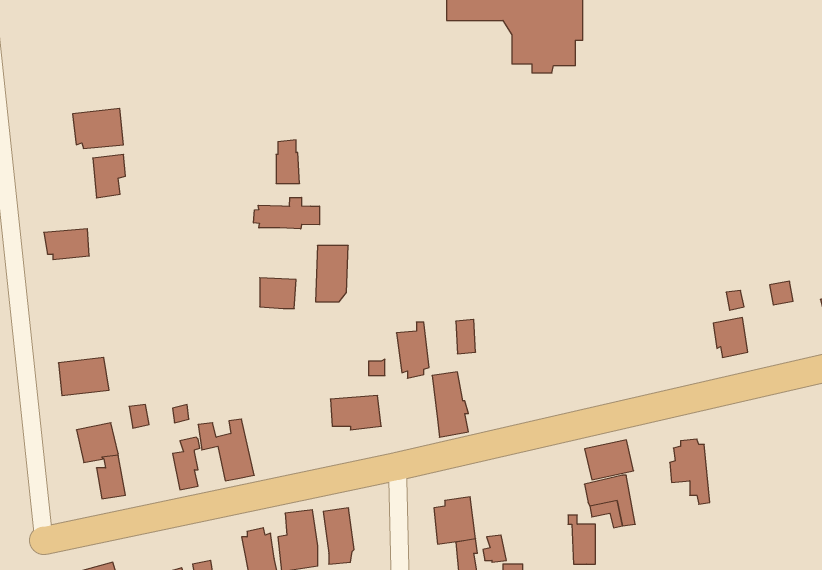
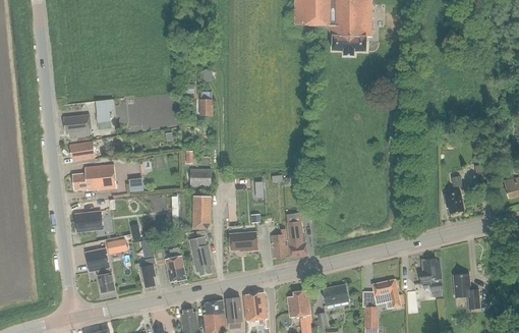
building: [73,108,123,148] -> [63,112,92,134]
building: [254,197,319,229] -> none
building: [316,246,348,302] -> [190,197,209,228]
building: none -> [71,163,115,188]
building: [396,322,429,378] -> [270,229,288,261]
building: none -> [189,237,212,276]
building: [585,440,634,480] -> [321,283,348,306]
building: none -> [453,274,479,309]
building: none -> [243,291,266,319]

